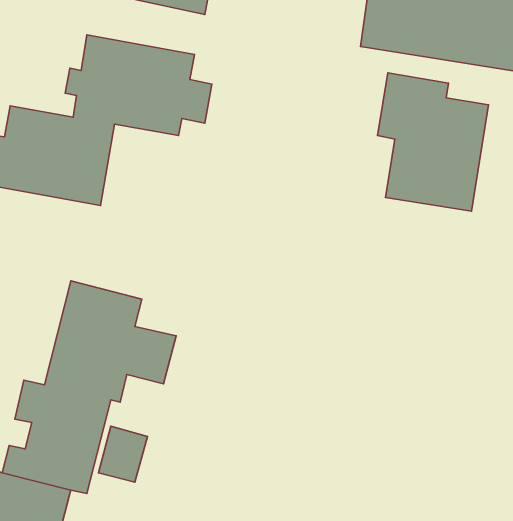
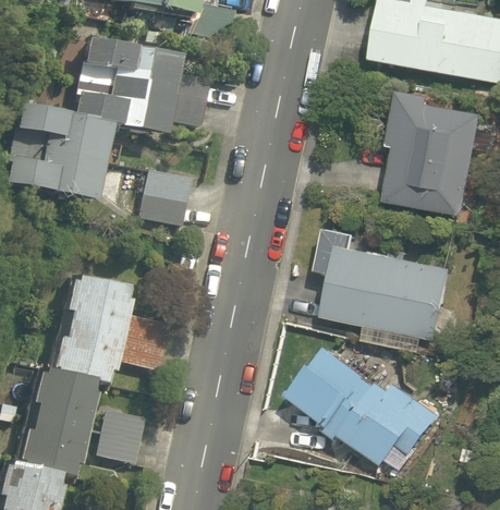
building: none -> [138,175,193,233]
building: none -> [317,243,449,337]
building: none -> [278,325,435,463]

